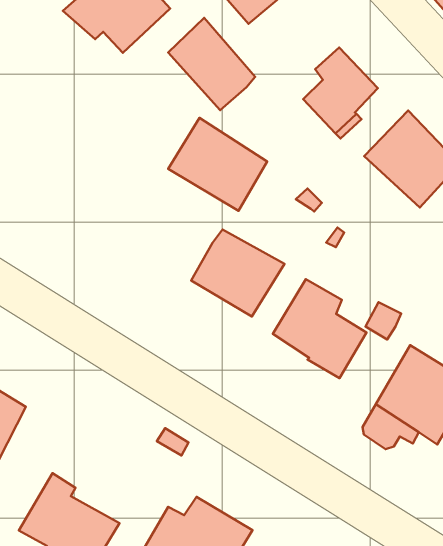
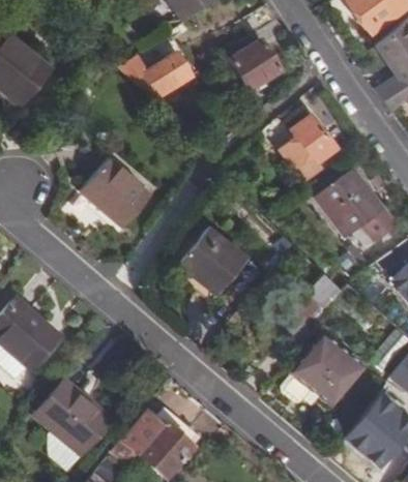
building: [168,18,255,110] -> none
building: [168,118,267,211] -> [83,155,152,223]
building: [273,279,366,378] -> none

